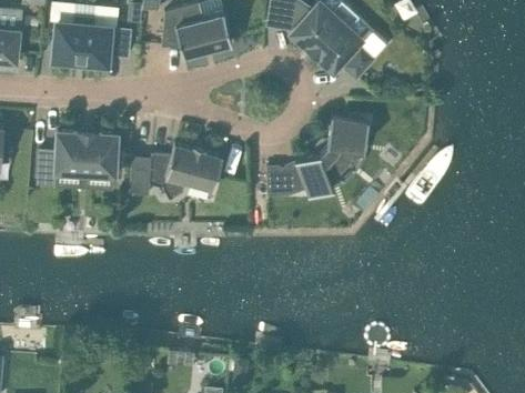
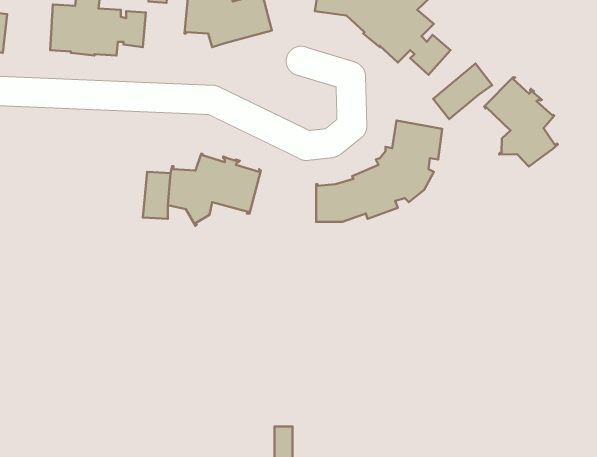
building: none -> [433,64,492,119]
building: none -> [484,77,558,166]
building: [37,132,115,185] -> none

